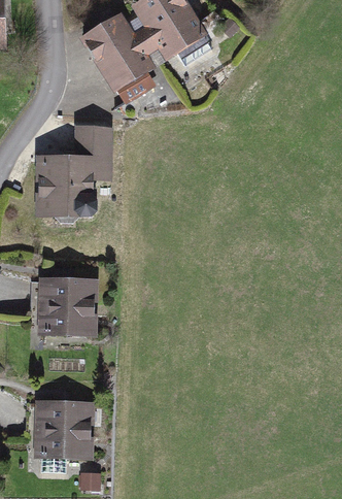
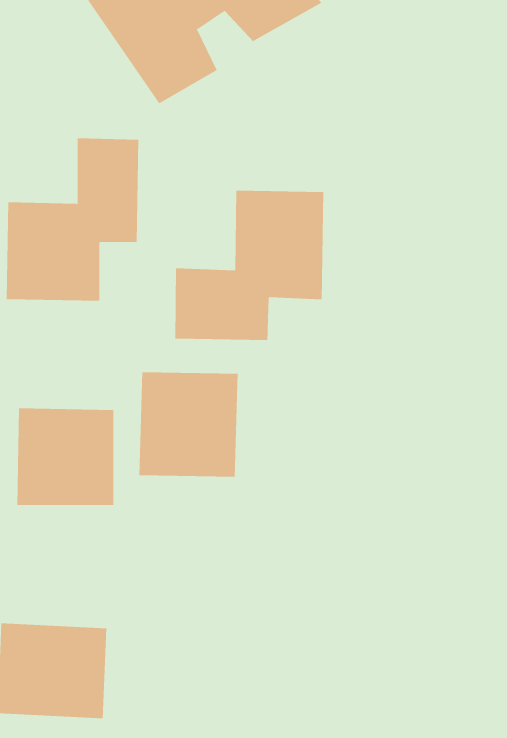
building: none -> [175,190,324,341]
building: none -> [139,371,238,478]

